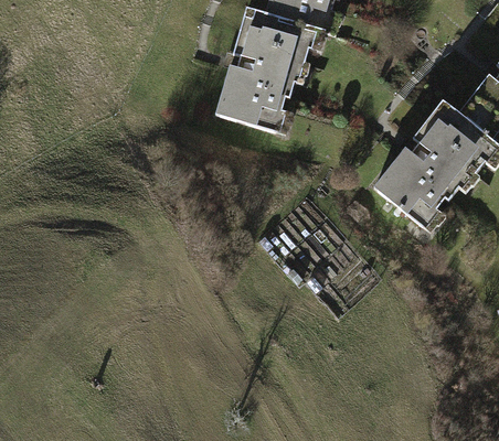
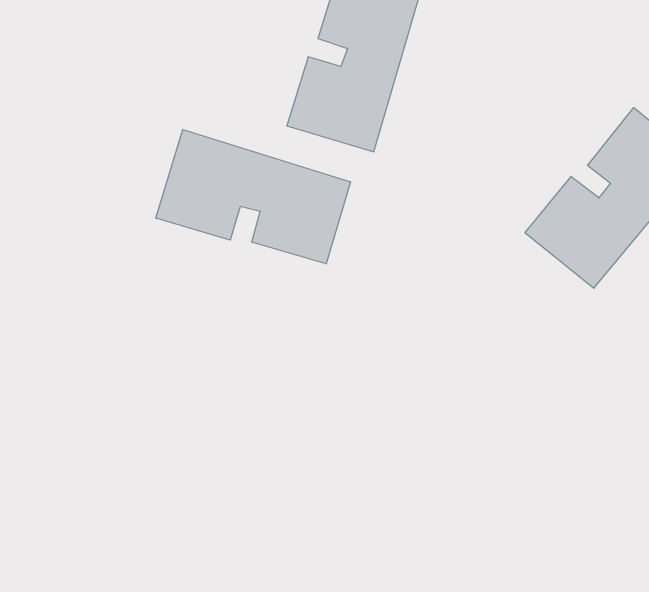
building: none -> [156,129,351,264]

